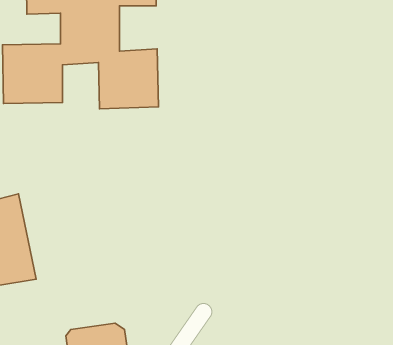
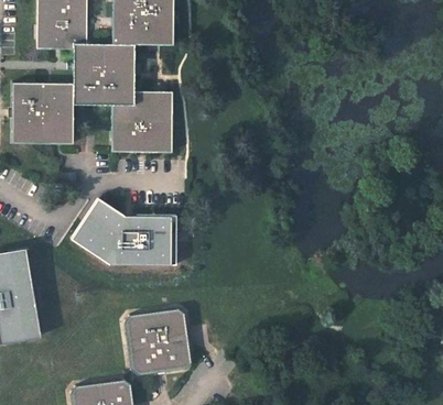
building: none -> [71,197,179,263]
building: none -> [128,307,195,374]

